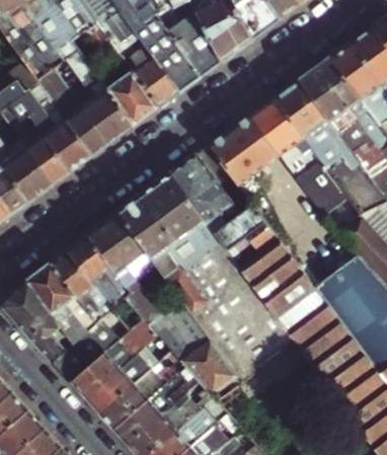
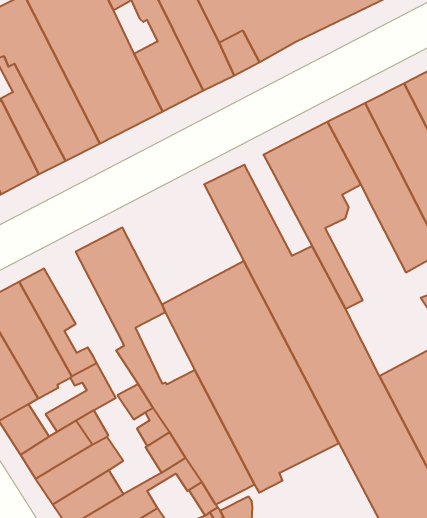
building: [117,172,206,261] -> none
building: [66,234,129,306] -> none

